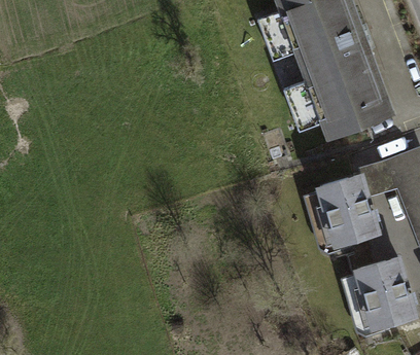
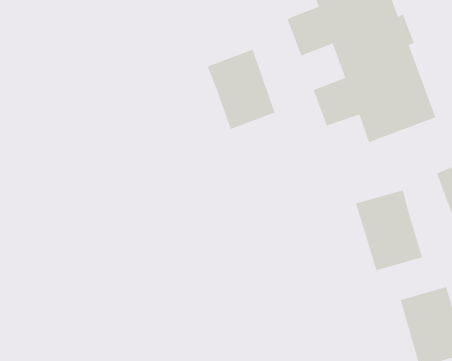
building: none -> [207,49,275,130]
building: [359,161,398,194] -> none

